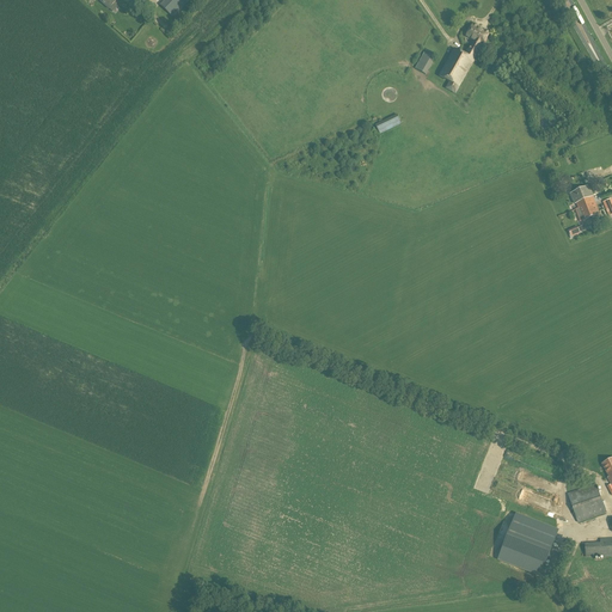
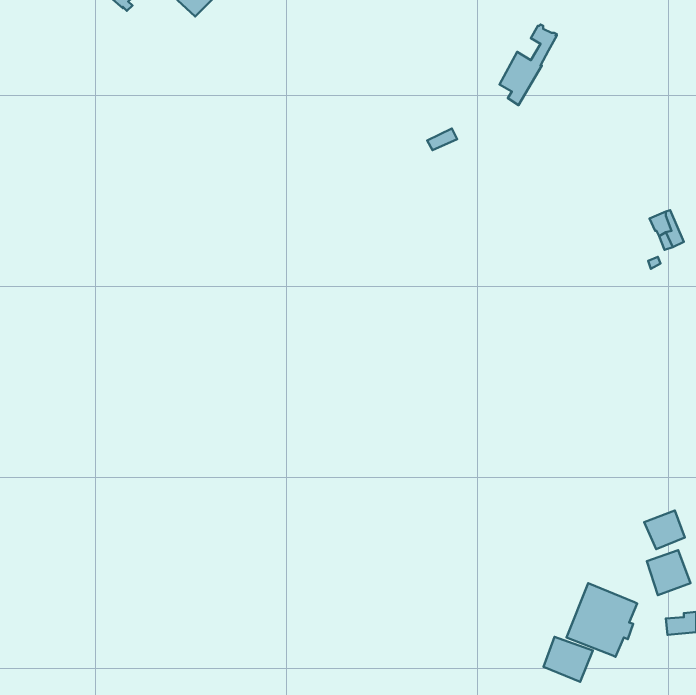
building: none -> [644,511,685,549]
building: none -> [543,637,593,682]

